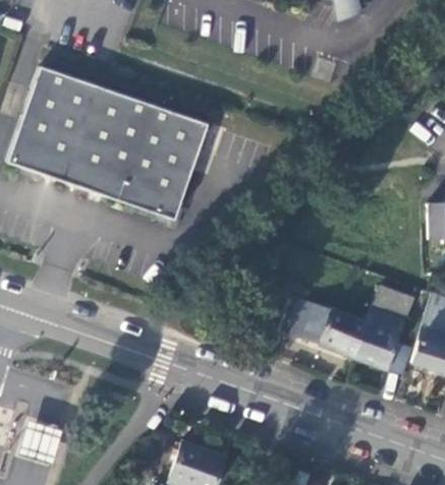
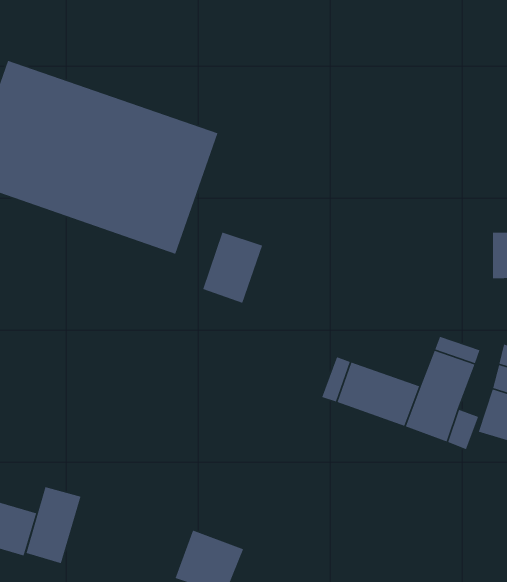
building: none -> [202,232,263,304]
building: none -> [25,486,81,564]

